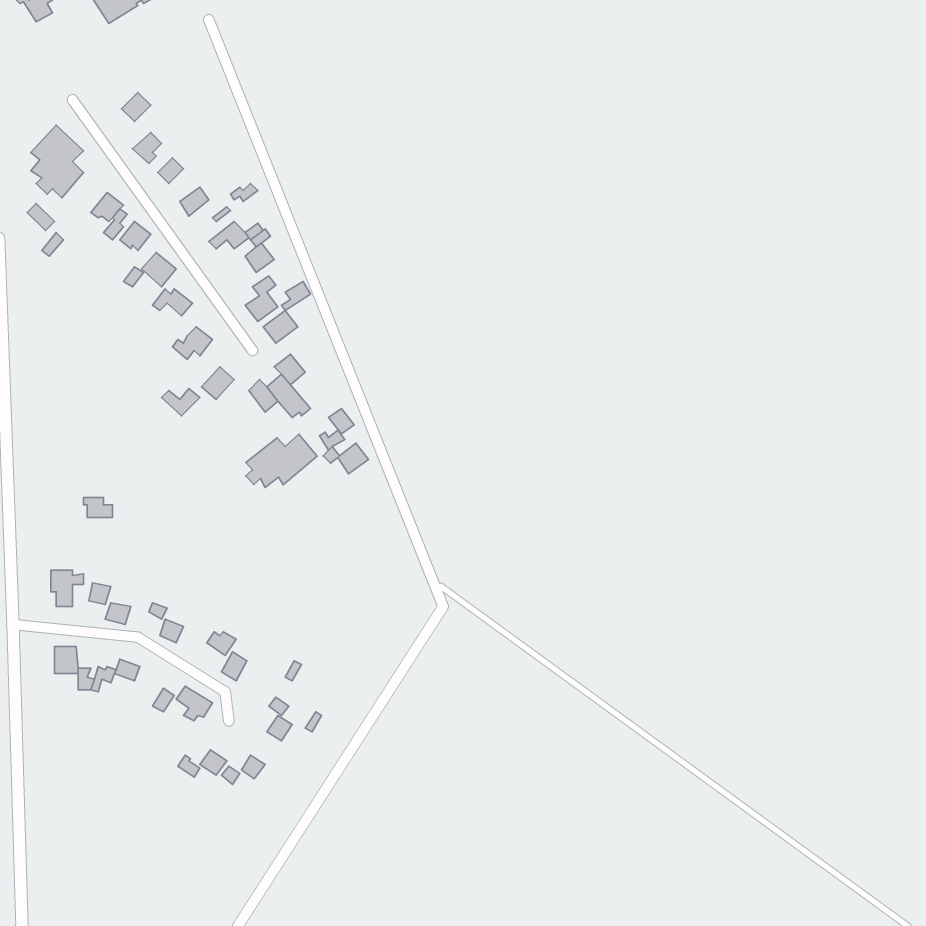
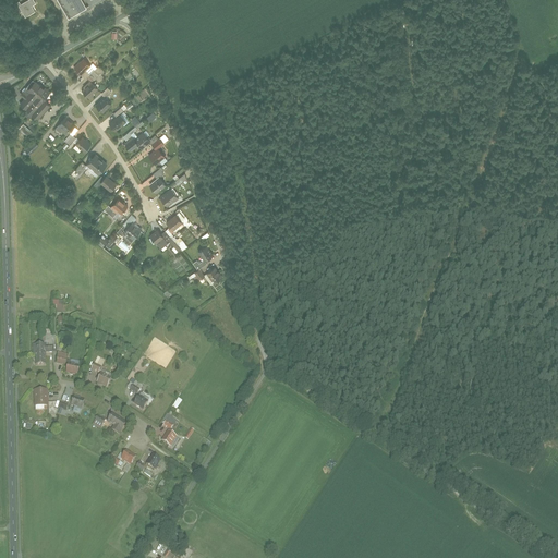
building: [246,434,317,488] -> none

